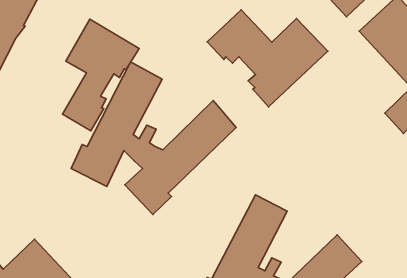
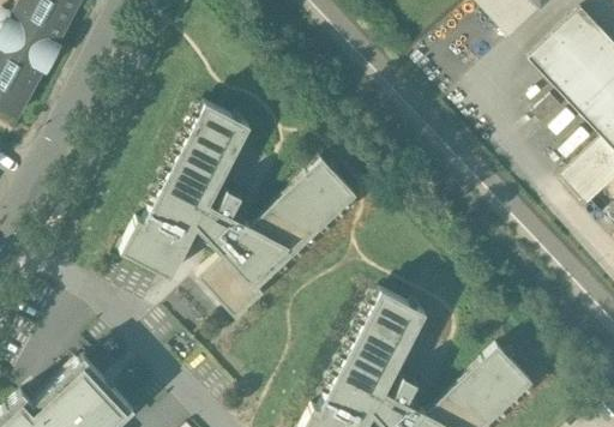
building: [207,10,328,107] -> none
building: [62,19,139,131] -> none

